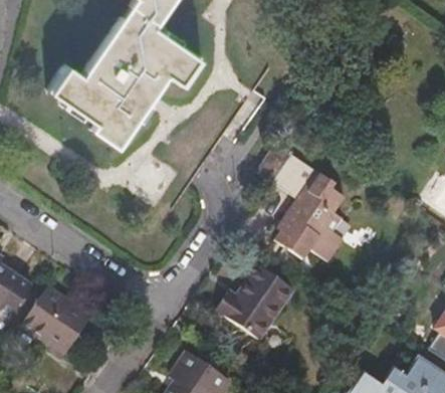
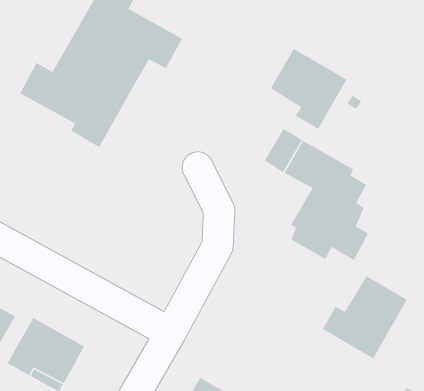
building: none -> [270,48,348,130]
building: [216,265,292,339] -> [322,275,408,360]

